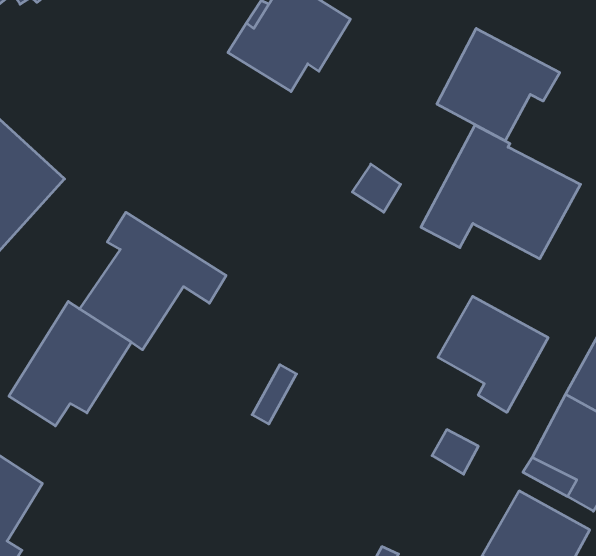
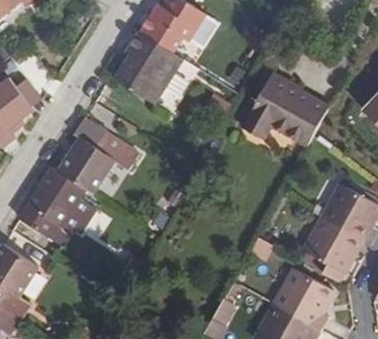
building: [437,28,560,141] -> none
building: none -> [114,32,182,104]
building: [438,296,548,412] -> none

